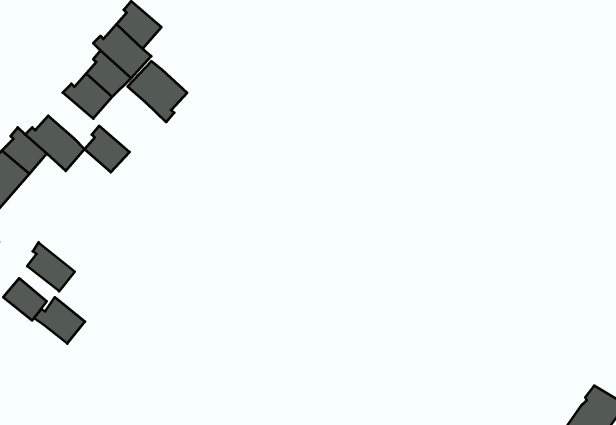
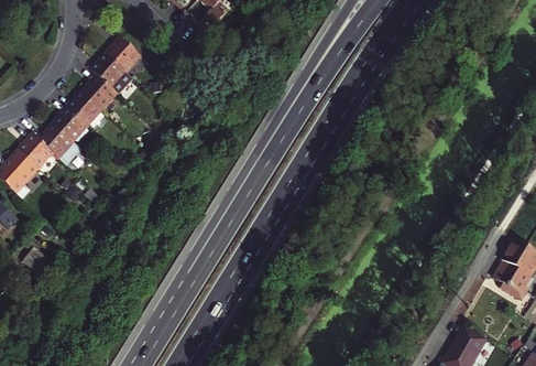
building: [128,61,187,122] -> none
building: [85,126,130,172] -> [55,103,89,138]
building: [27,242,75,291] -> none
building: [34,297,85,344] -> none

